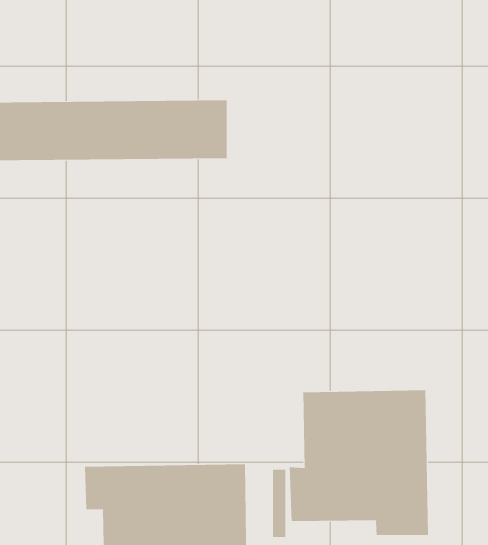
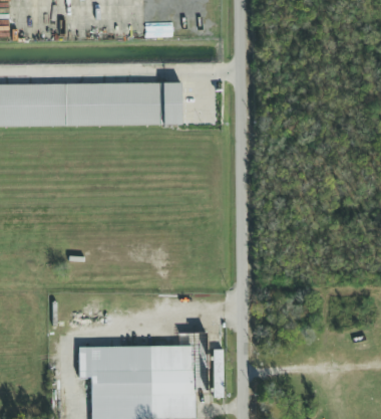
building: [289,389,428,536] -> none

